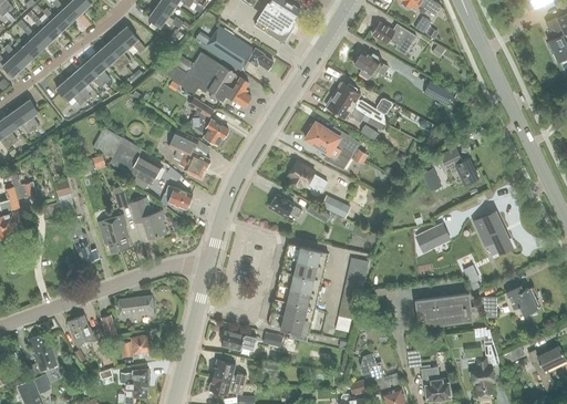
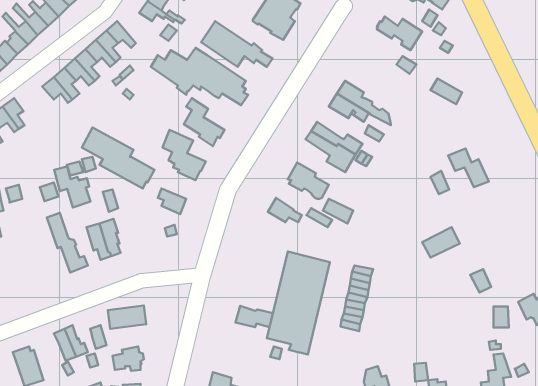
building: [354,51,388,79] -> none
building: [131,199,165,238] -> [54,166,90,207]
building: [474,207,516,252] -> none
building: [414,293,472,328] -> none
building: [220,330,256,350] -> [235,306,273,327]

